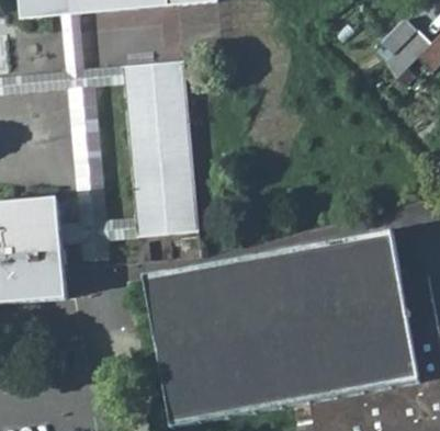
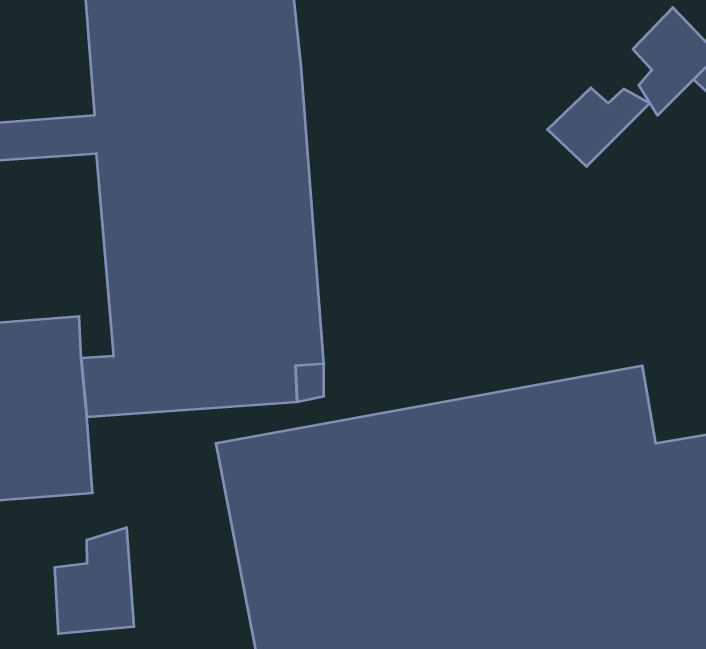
building: none -> [547,88,650,167]
building: none -> [55,527,134,634]

